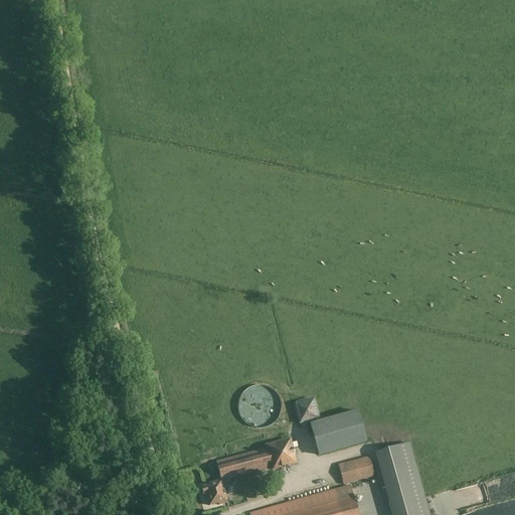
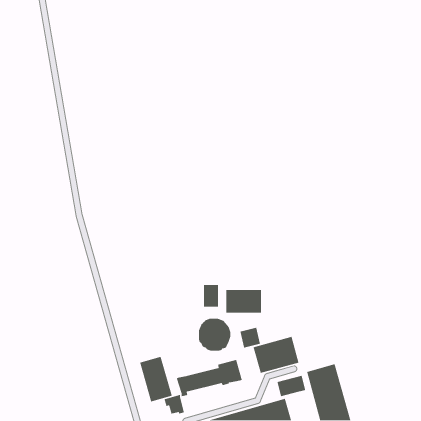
building: none -> [203,284,219,308]
building: none -> [226,289,262,314]
building: none -> [139,356,173,402]

